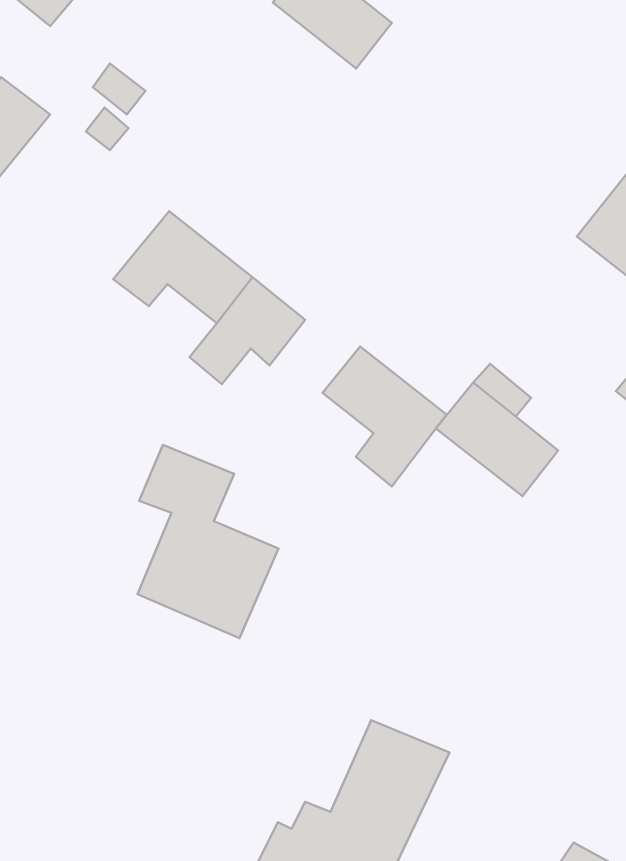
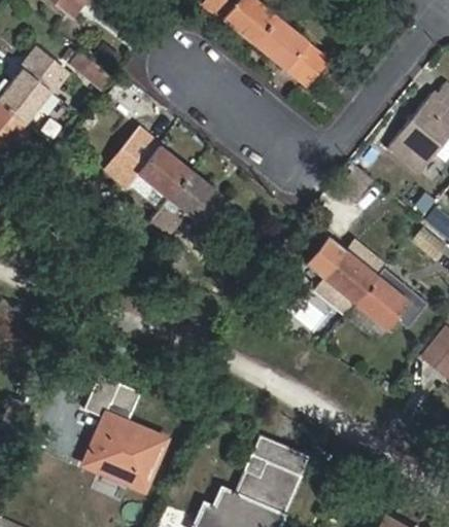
building: none -> [253,16,329,87]
building: [323,346,446,486] -> none
building: [137,445,278,638] -> [83,374,169,491]
building: none -> [354,276,407,328]

